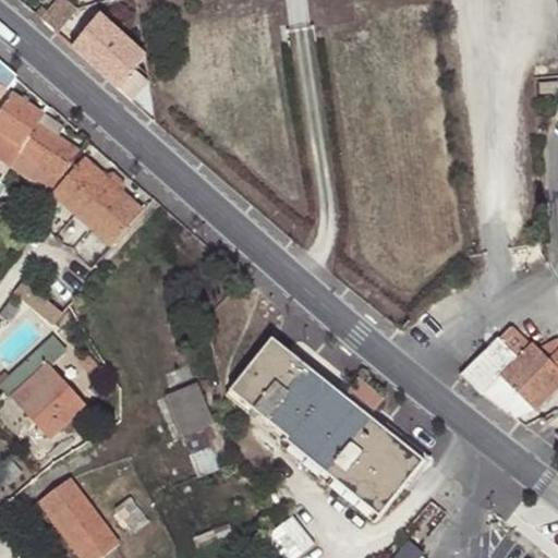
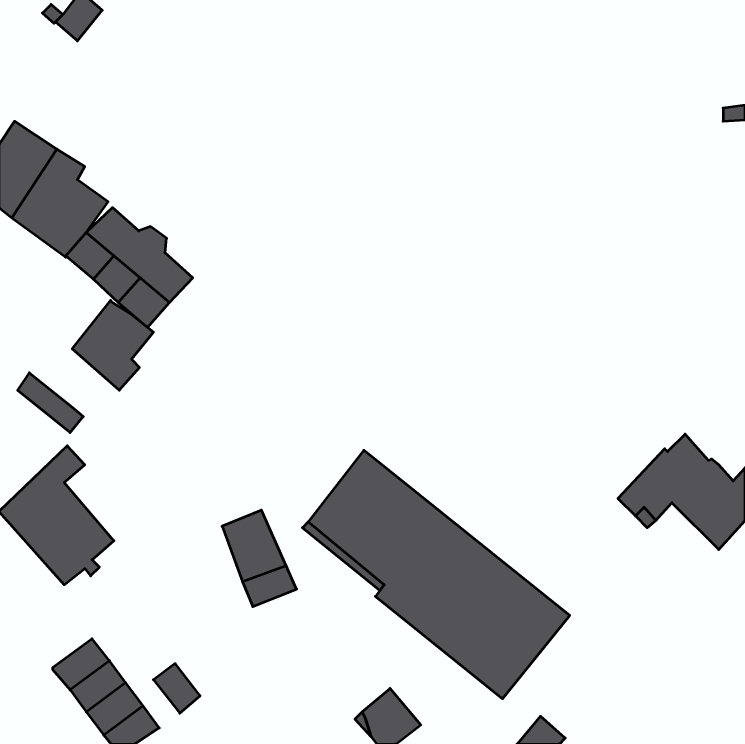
building: [71,13,153,120] -> none
building: none -> [72,300,153,390]

